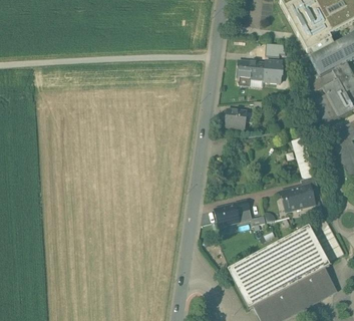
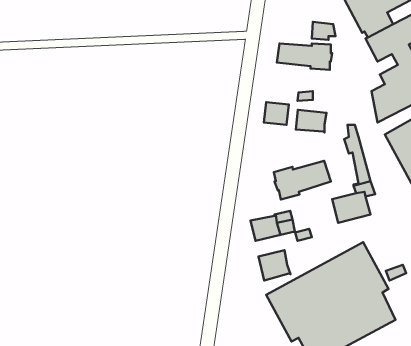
building: none -> [296,110,327,132]
building: none -> [274,161,331,199]
building: none -> [259,250,290,280]

